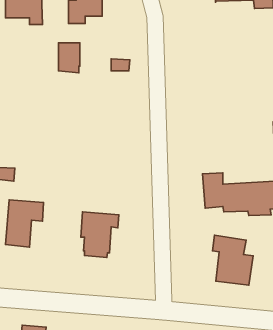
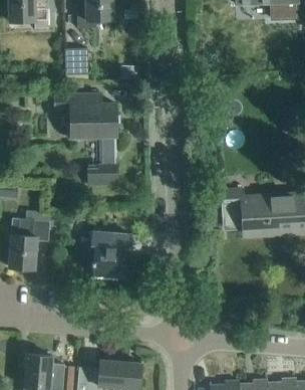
building: none -> [54,93,117,185]
building: [213,235,253,285] -> none

